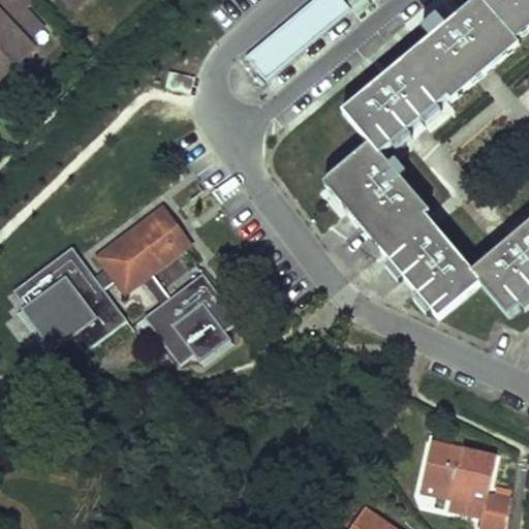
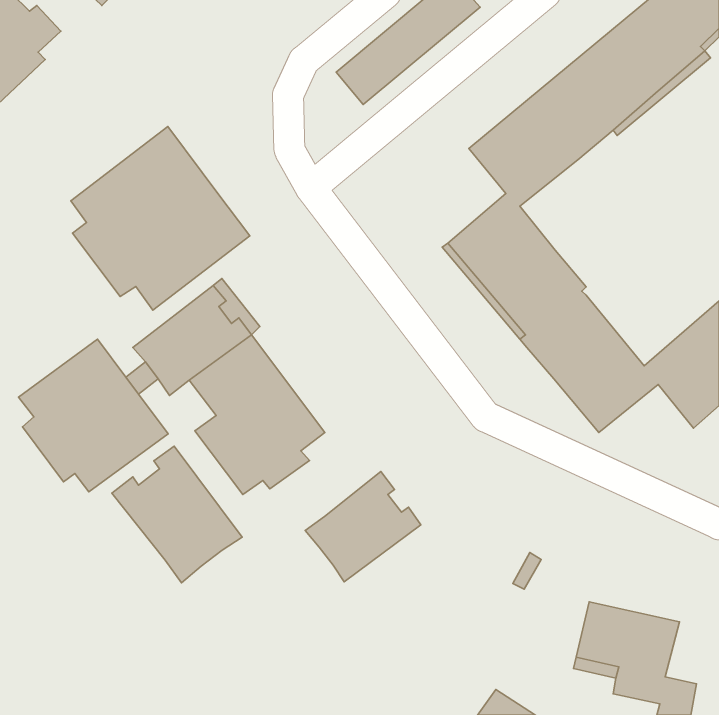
building: none -> [71,127,250,310]
building: none -> [112,446,242,583]
building: none -> [305,472,421,582]

